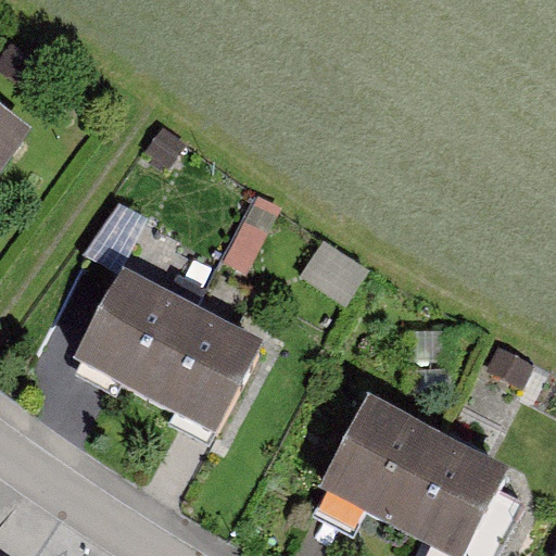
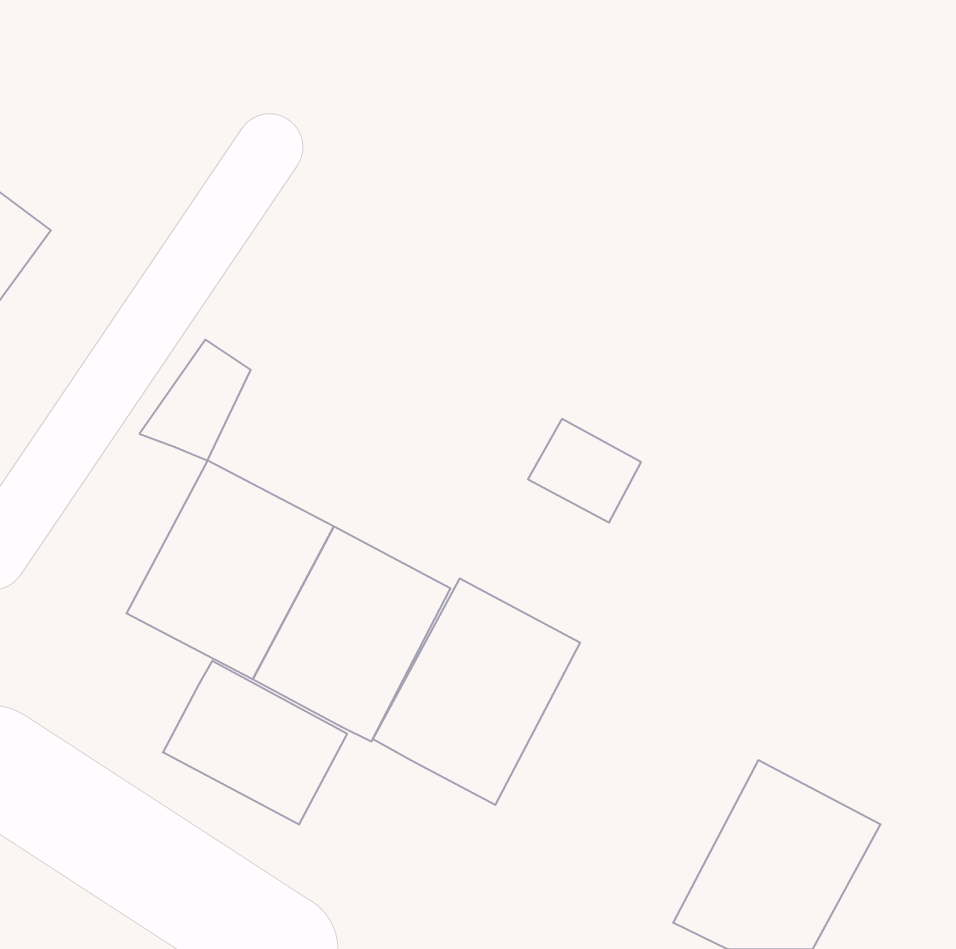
building: none -> [163,661,347,825]
building: [317,401,437,531] -> [373,579,580,805]

